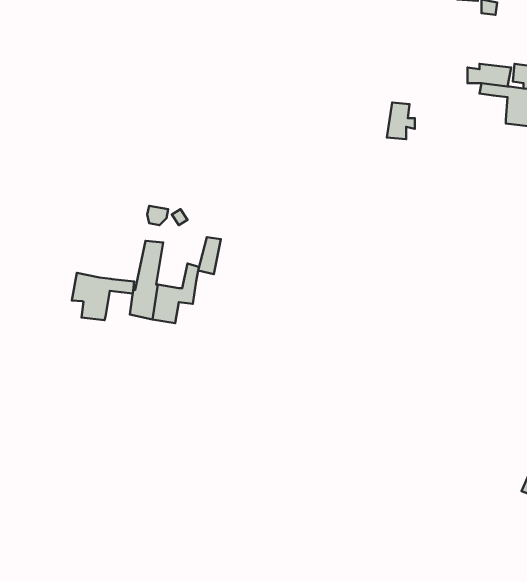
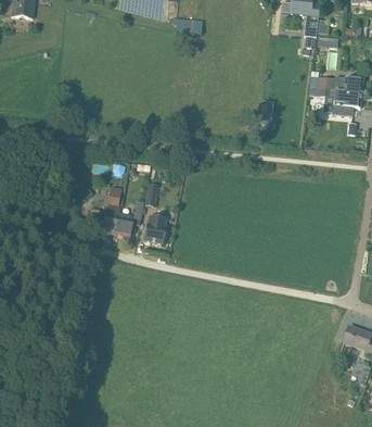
building: [72,273,134,320] -> none
building: none -> [144,214,166,242]

